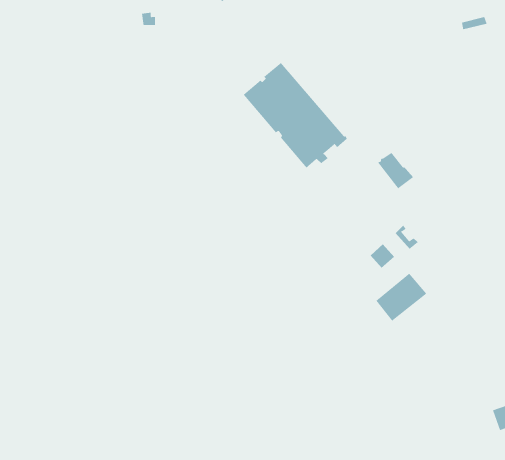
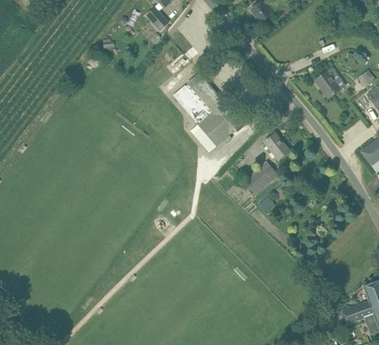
building: none -> [315,70,344,98]
building: [376,273,427,321] -> [243,161,278,194]

